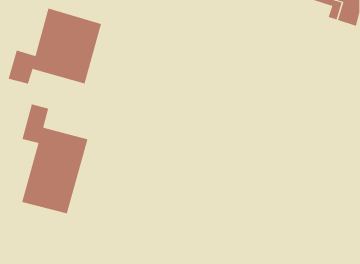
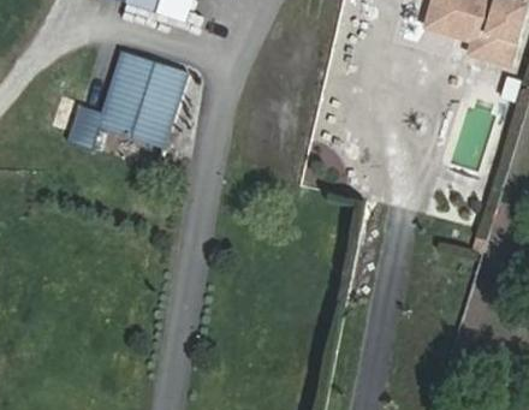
building: [21,103,88,214] -> none

